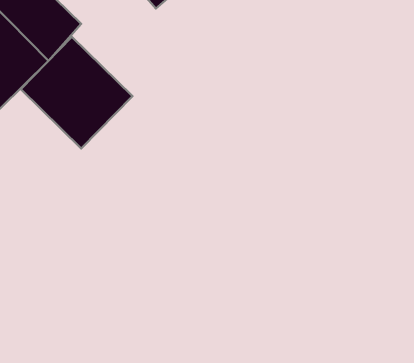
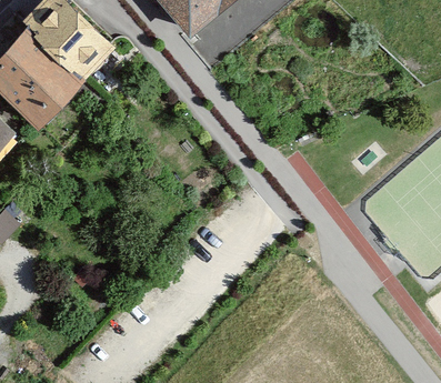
building: [21,37,132,148] -> none

